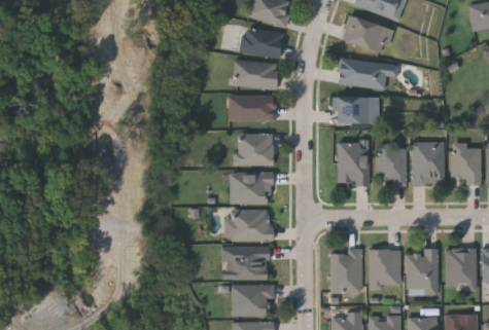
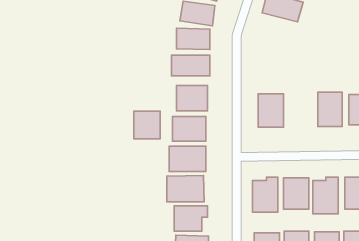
building: [337,58,388,89] -> none
building: [334,97,373,122] -> none
building: [378,145,407,185] -> none
building: none -> [134,111,160,139]

